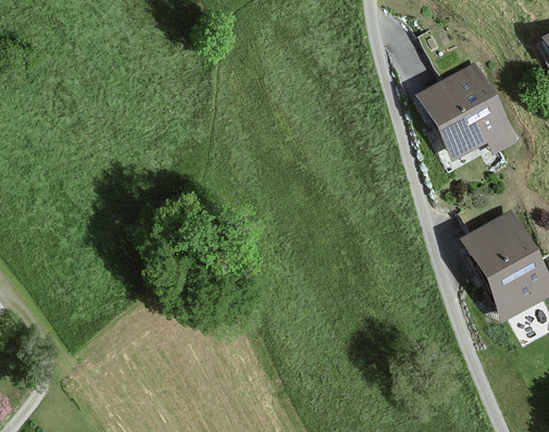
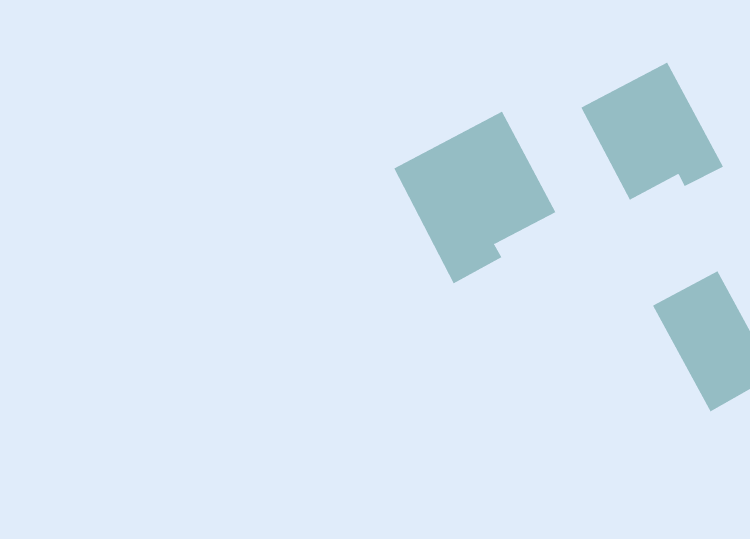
building: none -> [394,111,556,284]

